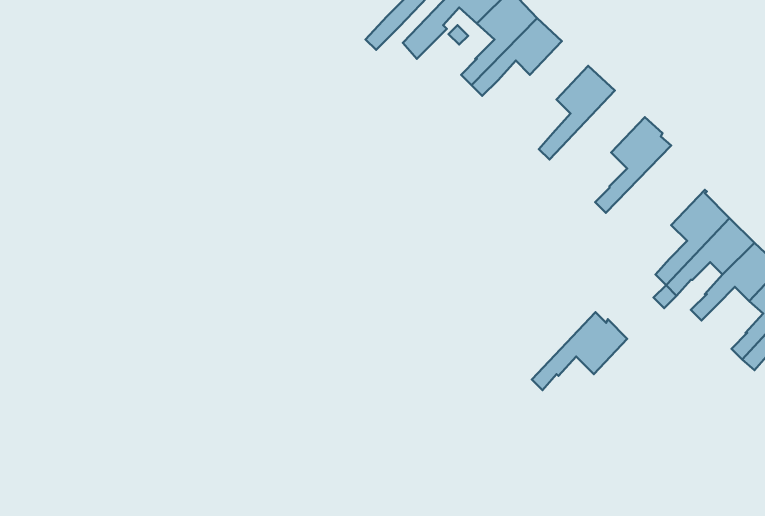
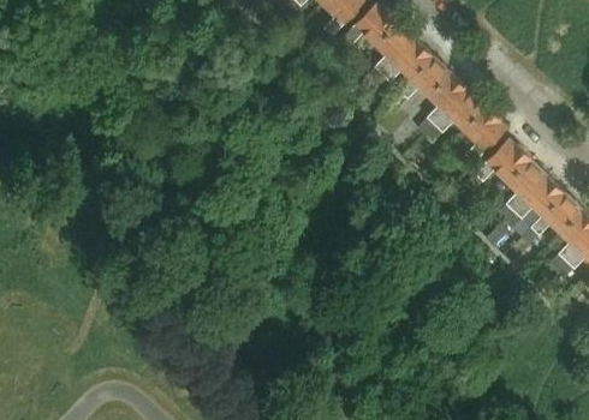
building: none -> [388,56,450,110]
building: none -> [423,90,488,143]
building: [532,312,627,390] -> [464,139,529,192]

